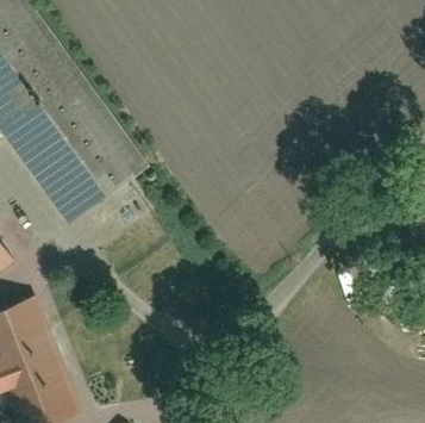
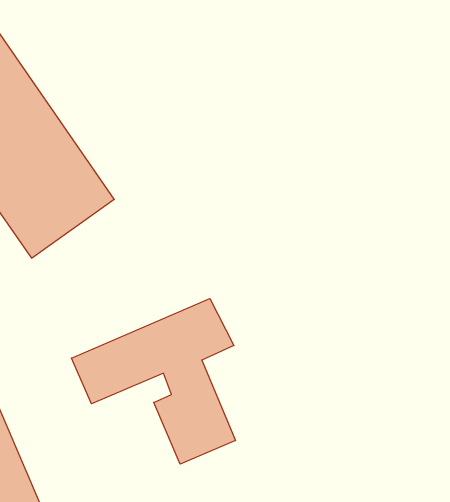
building: none -> [71,299,235,464]

